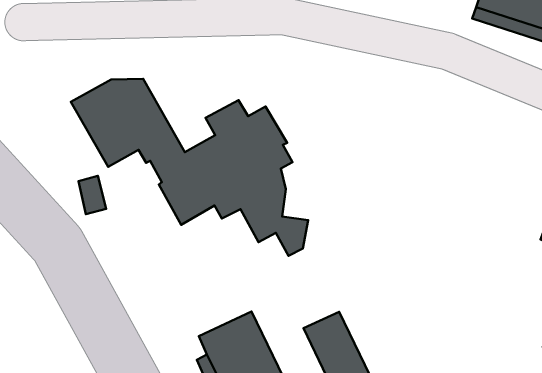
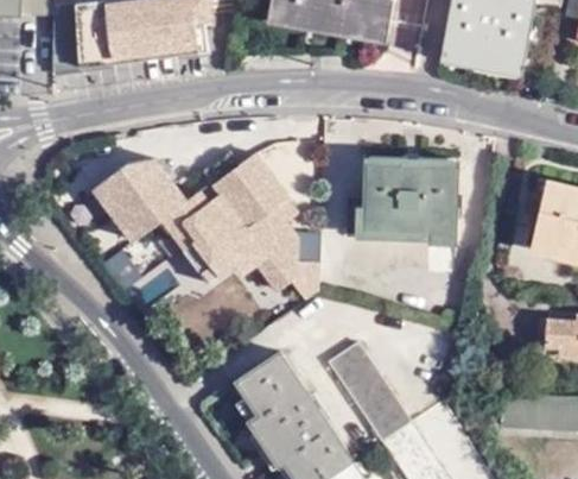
building: none -> [361,162,459,242]

